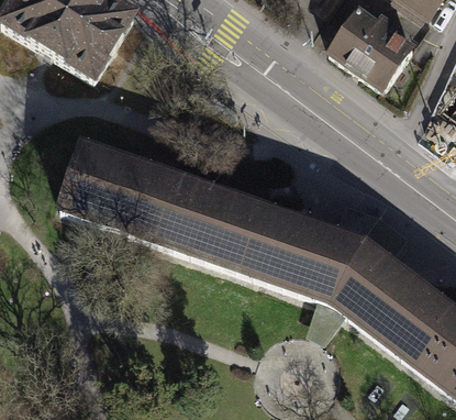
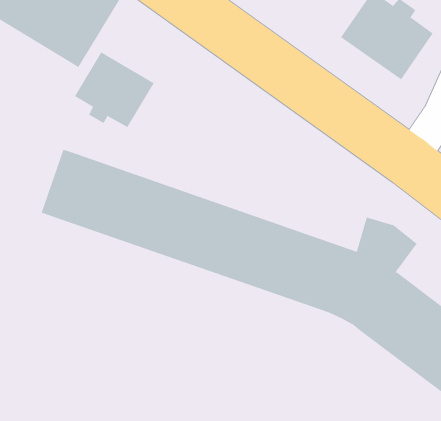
building: none -> [74,52,155,128]

